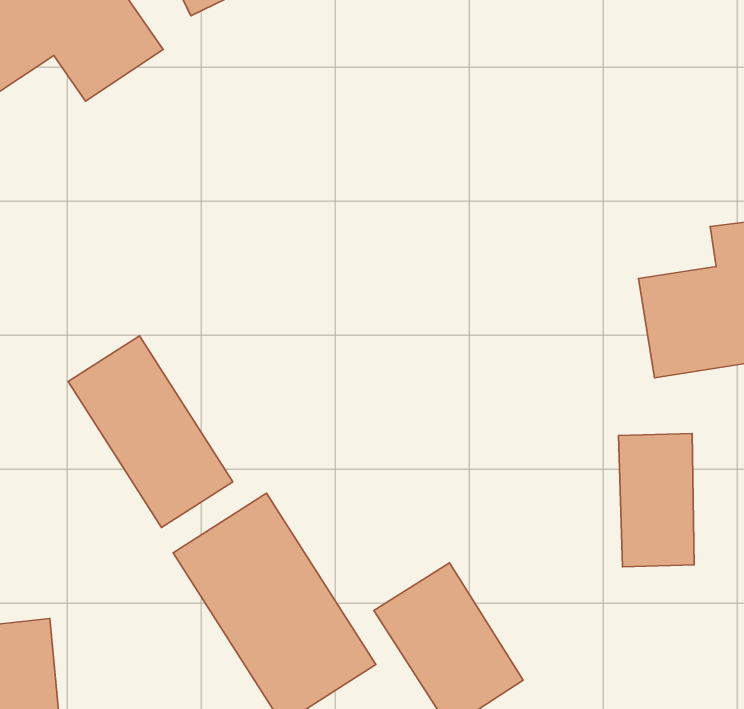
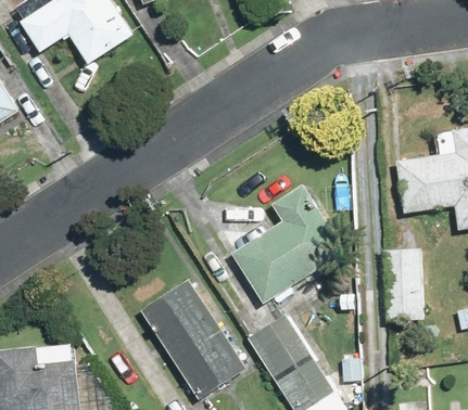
building: none -> [232,185,342,299]
building: [68,336,233,527] -> none

